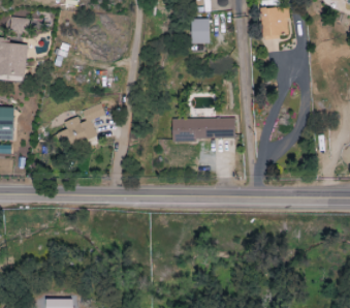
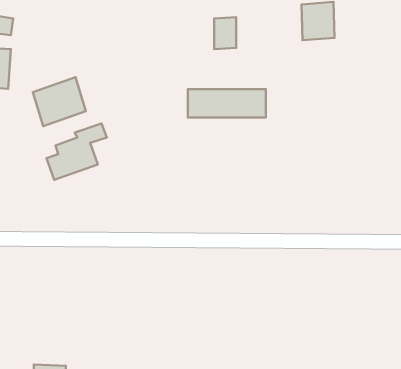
building: none -> [33,77,86,126]
building: [171,118,234,141] -> [188,89,266,117]

